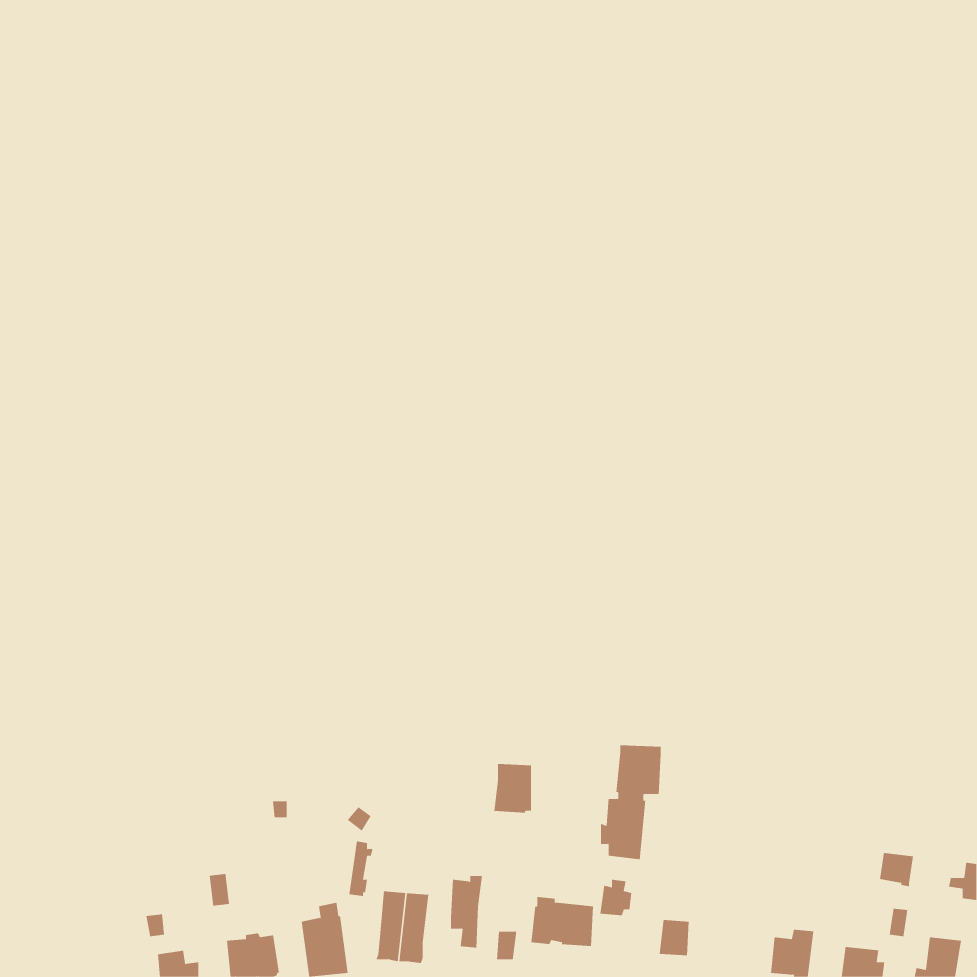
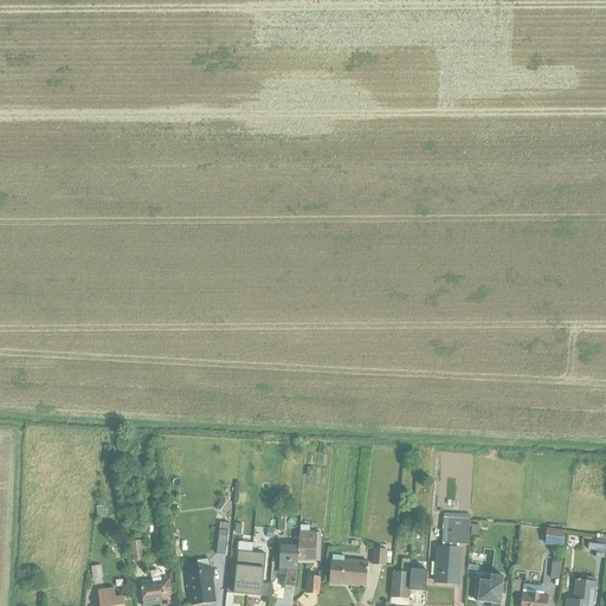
building: [600,745,662,860] -> [431,512,469,584]
building: [493,763,532,813] -> [296,530,320,561]
building: none -> [391,557,410,598]

